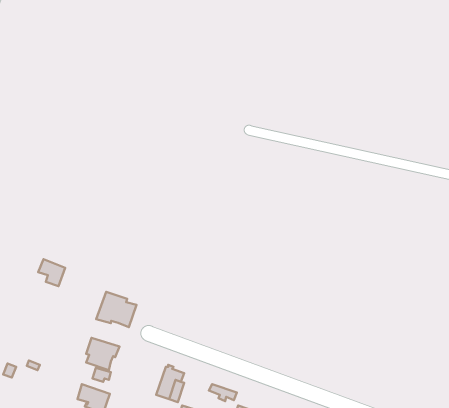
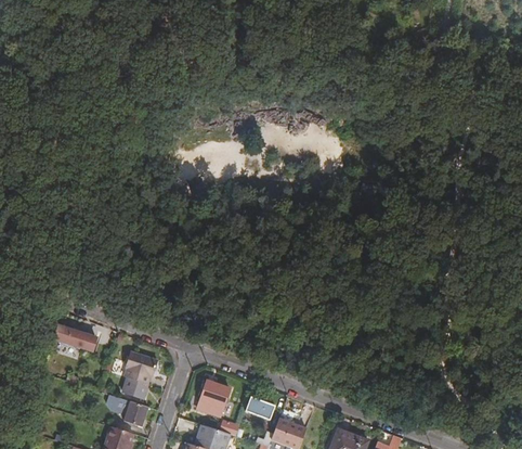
building: [38,259,65,286] -> [69,330,96,357]
building: [96,292,136,327] -> none

